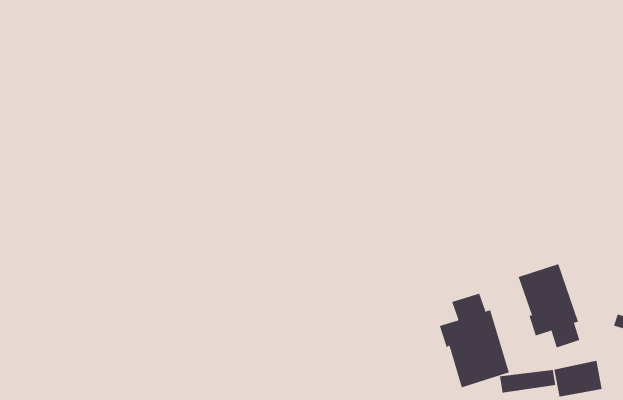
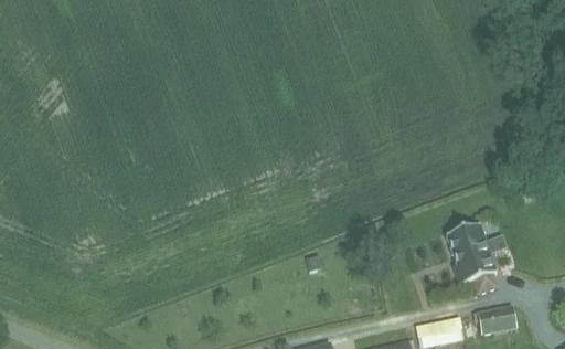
building: [439,293,510,388] -> none

